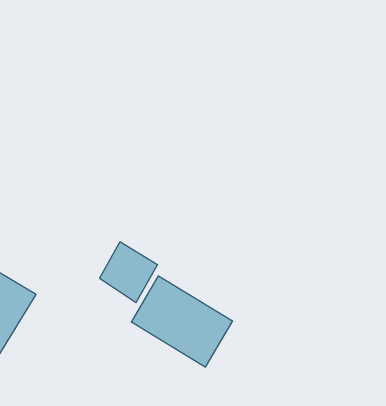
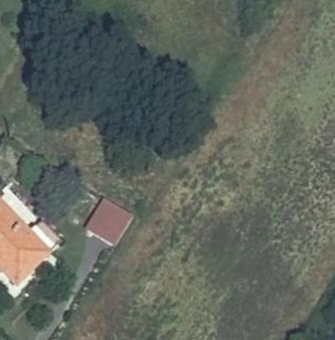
building: [131,276,232,367] -> none

